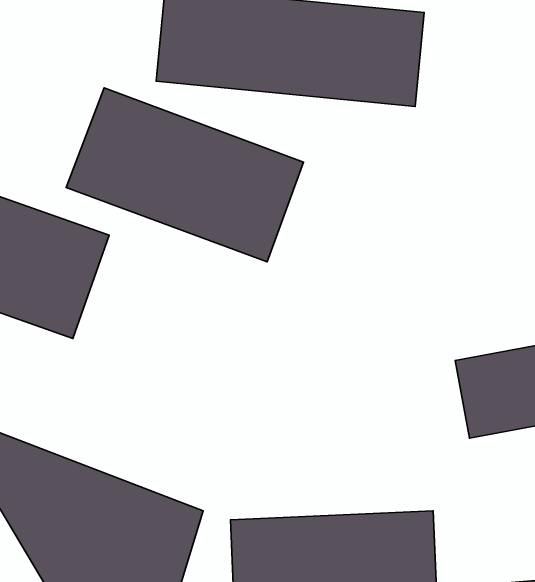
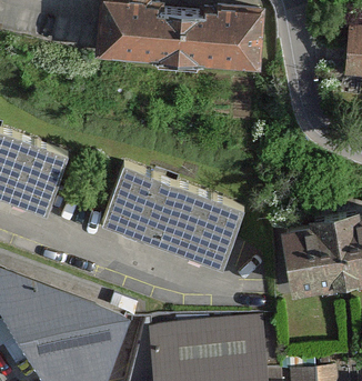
building: [66,88,303,262] -> [101,162,247,269]

